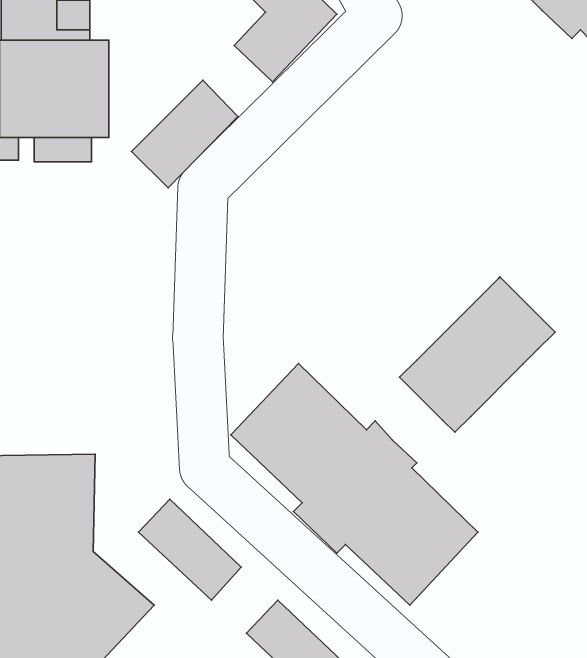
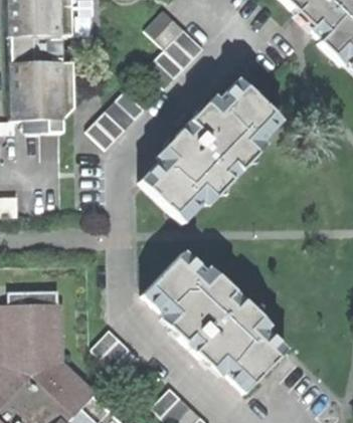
building: none -> [139,80,279,222]
building: [400,277,555,432] -> none

